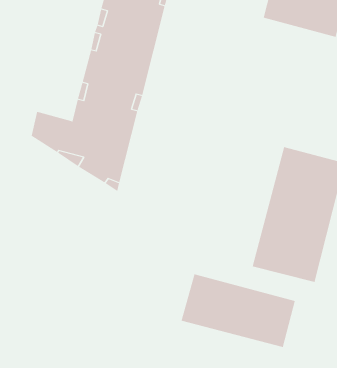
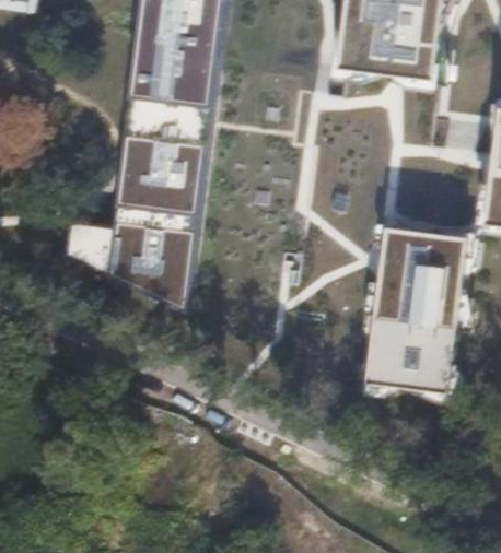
building: [181,274,295,348] -> none

